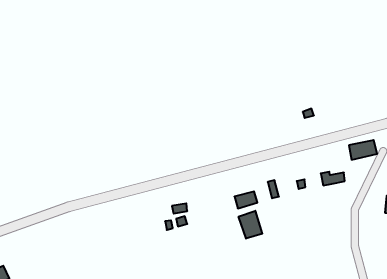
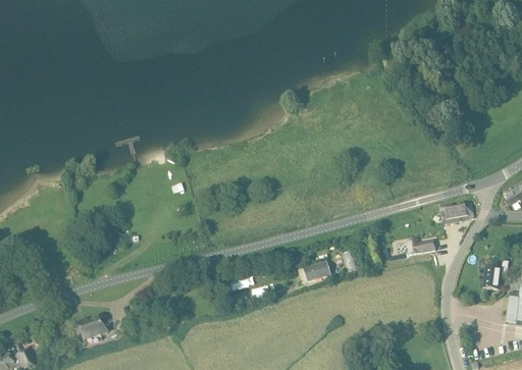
building: [239,211,262,239] -> none
building: none -> [74,318,107,343]

